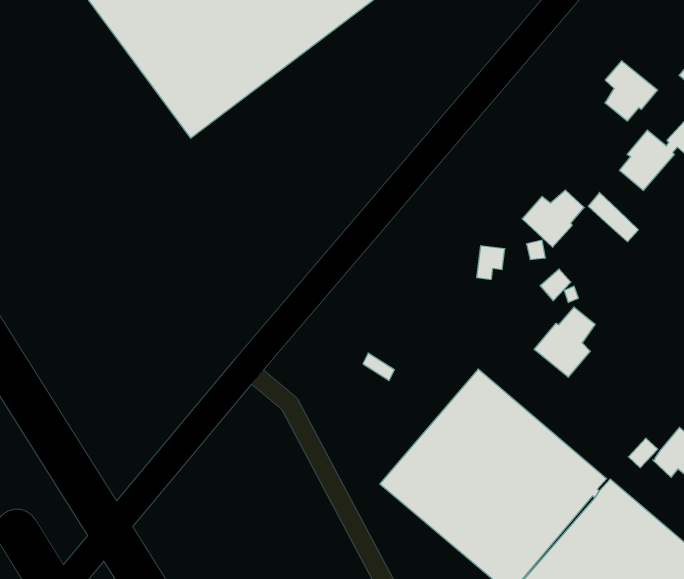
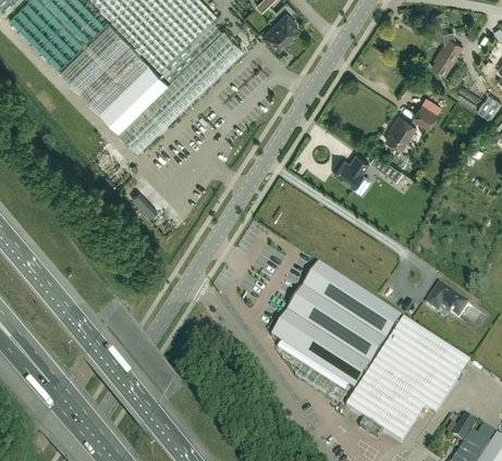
building: [605,61,658,121] -> none
building: [534,307,595,377] -> none

